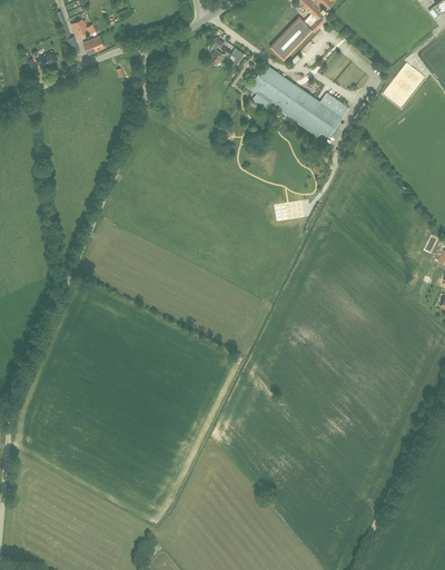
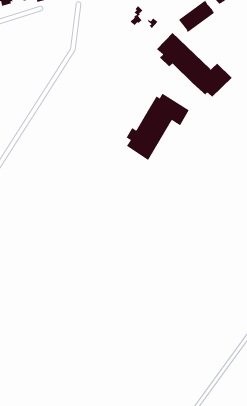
building: none -> [126,93,189,161]

